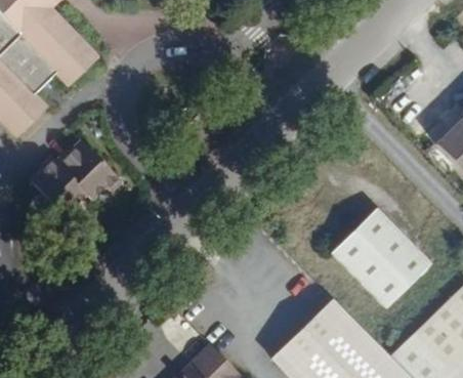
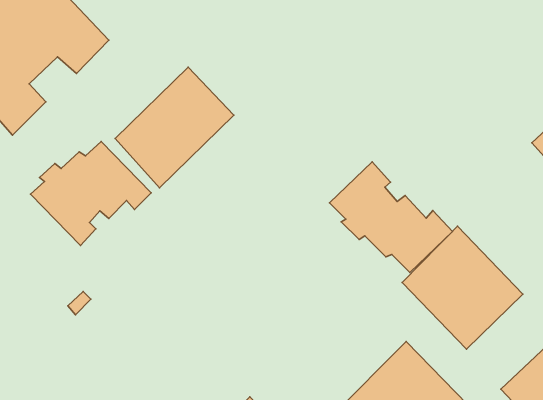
building: none -> [115,67,234,188]
building: none -> [329,162,452,272]

